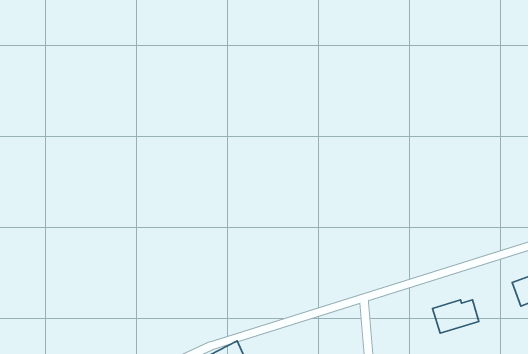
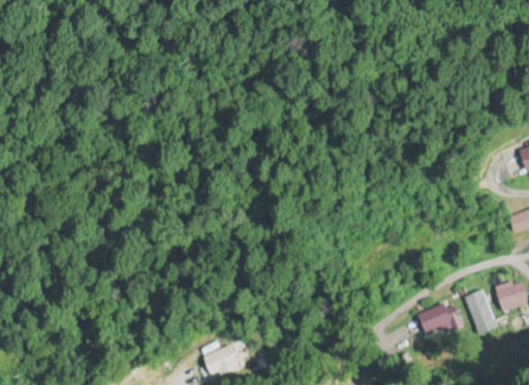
building: none -> [464,289,495,328]

